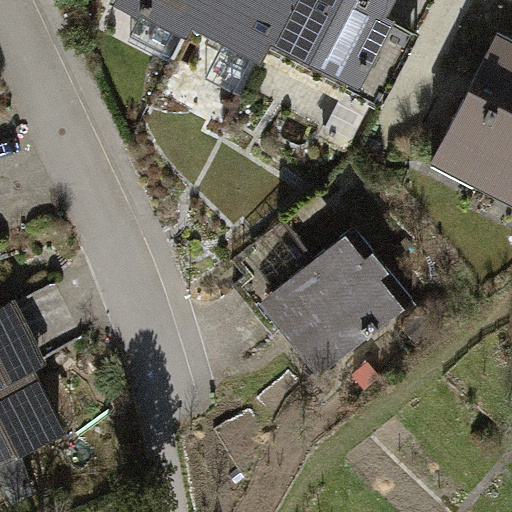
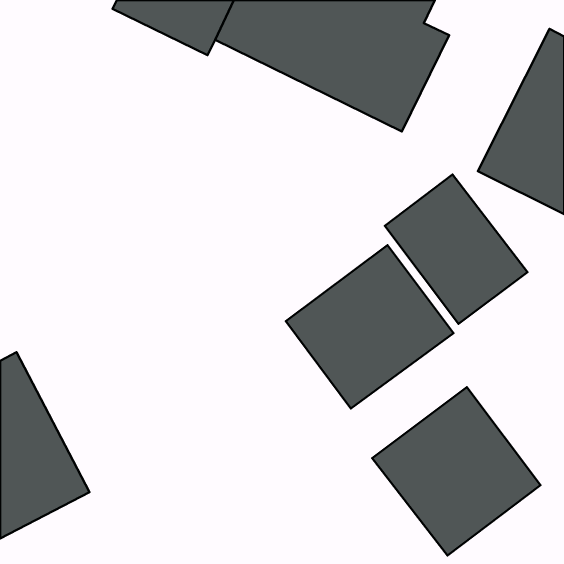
building: none -> [385,175,527,324]
building: none -> [372,387,541,556]

